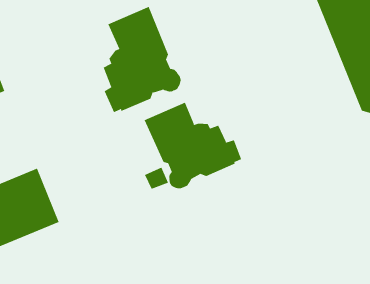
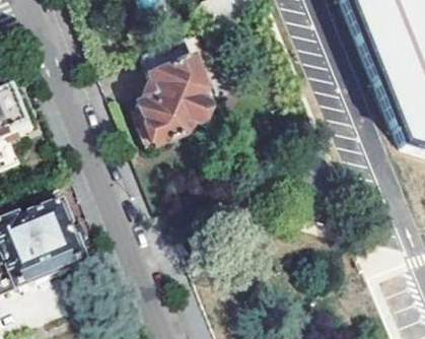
building: [144,102,242,189] -> none

